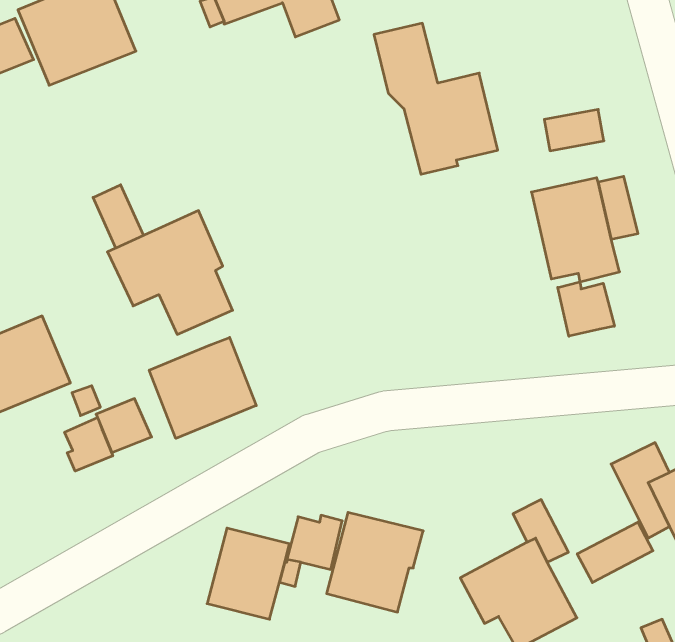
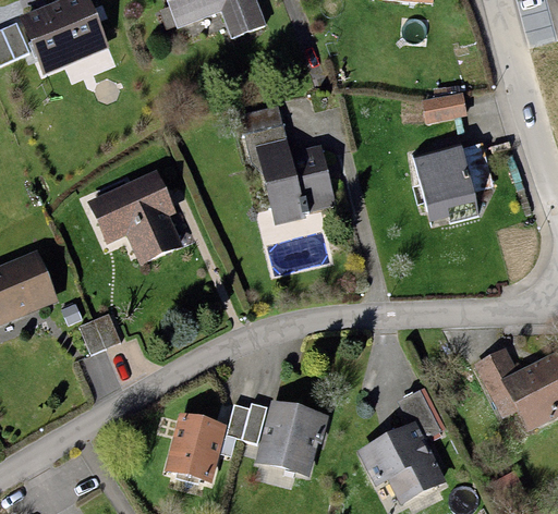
building: [374,23,498,174] -> [240,107,335,222]
building: [93,185,143,248] -> none
building: [558,282,614,336] -> none
building: [149,337,256,438] -> none
building: [65,418,113,471] -> none
building: [577,522,653,583] -> none

